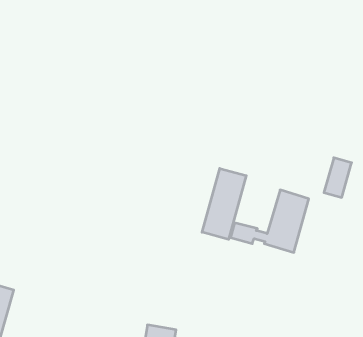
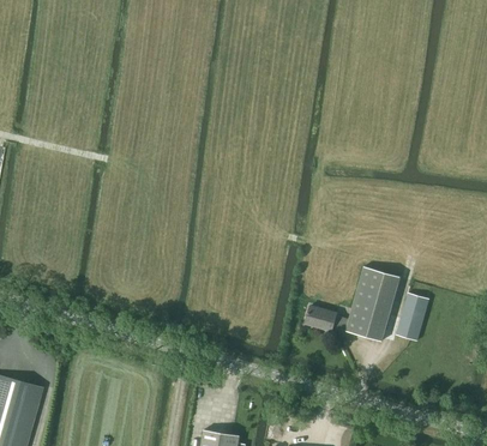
building: [324,158,352,197] -> [396,293,429,340]
building: [202,168,246,239] -> none

